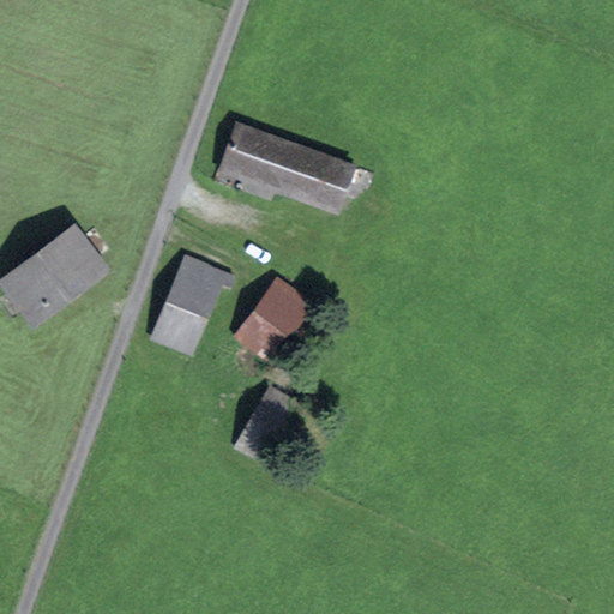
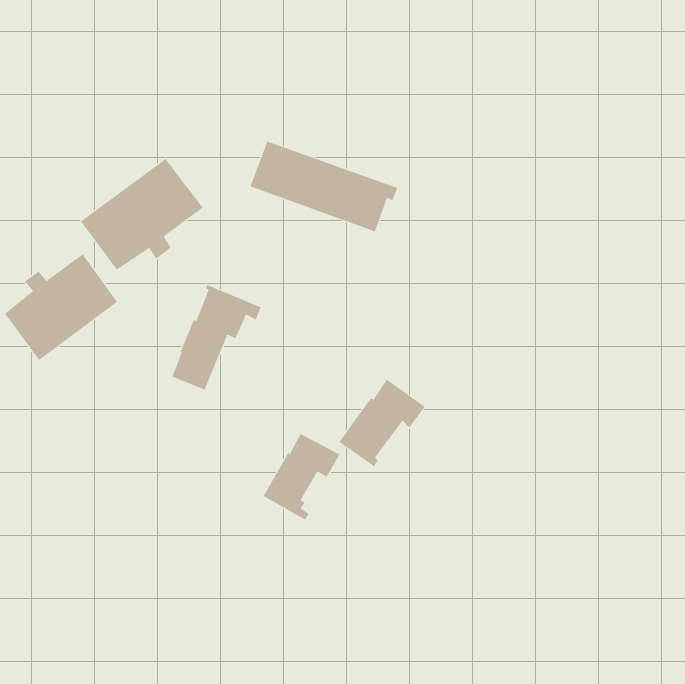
building: none -> [80,158,203,271]
building: [234,278,312,357] -> [338,379,425,467]

